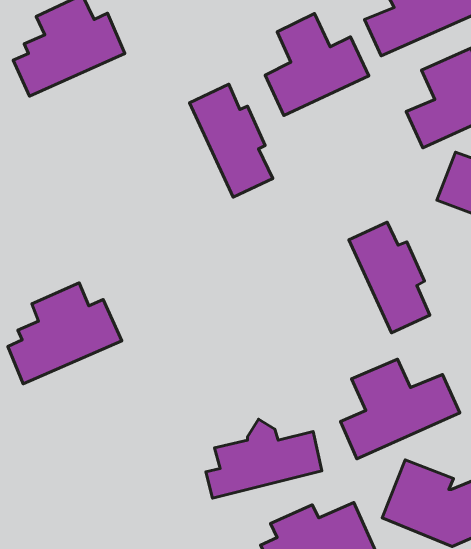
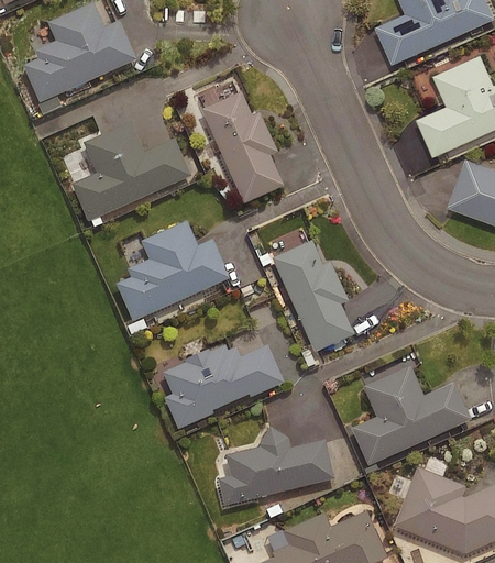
building: [265,14,369,115] -> none
building: none -> [72,121,189,221]
building: [349,222,430,333] -> [272,241,353,352]
building: [8,283,122,384] -> [116,220,230,321]
building: none -> [162,344,284,429]

